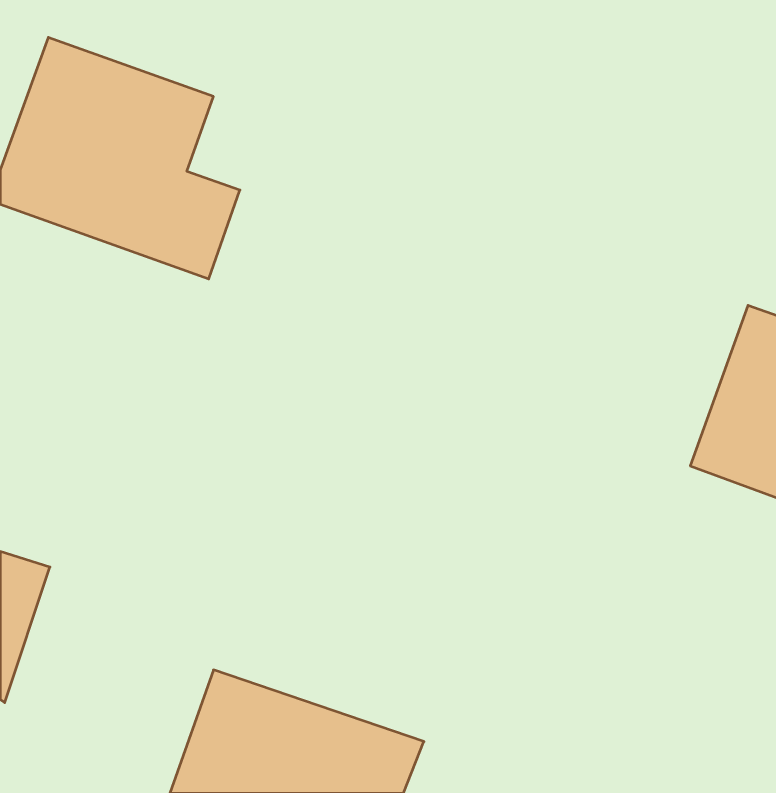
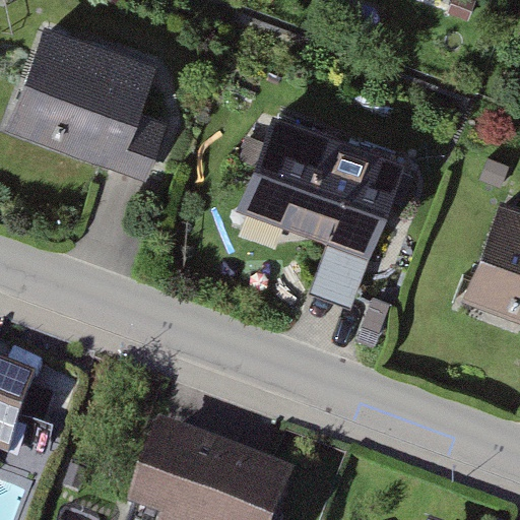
building: none -> [239,117,404,260]

